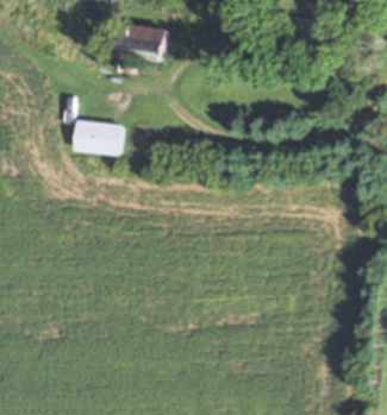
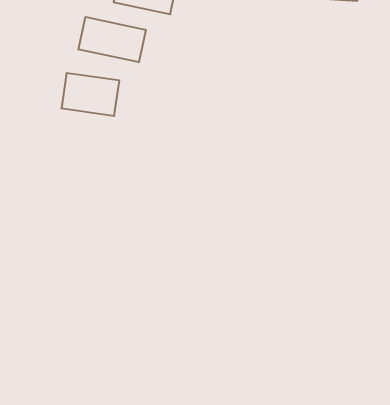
building: none -> [79,17,146,62]

